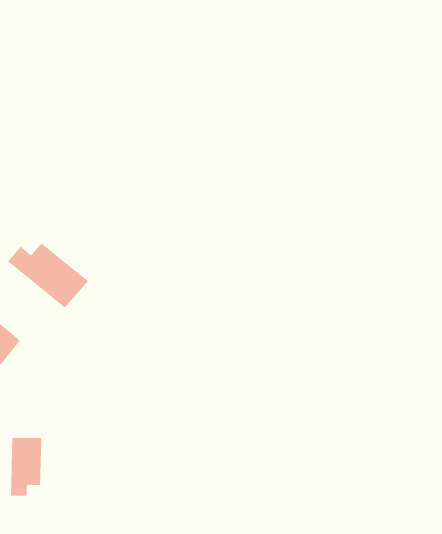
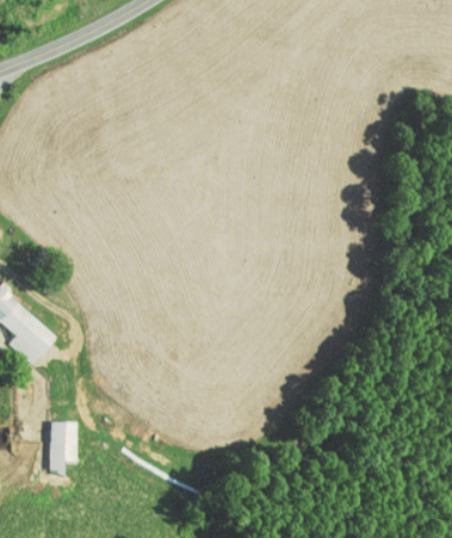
building: [7,242,89,309] -> none

